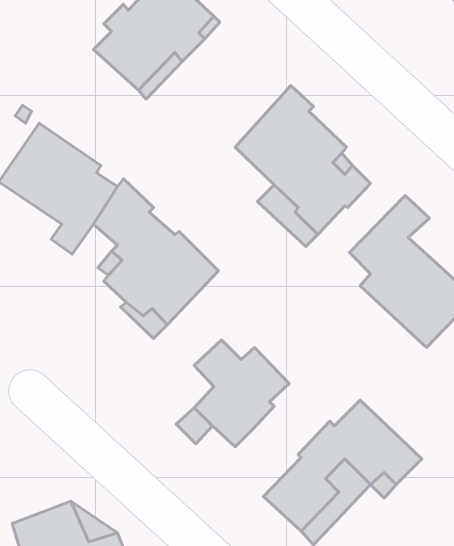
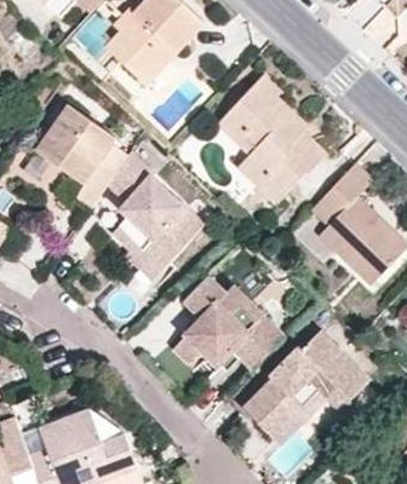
building: none -> [233,315,285,370]

